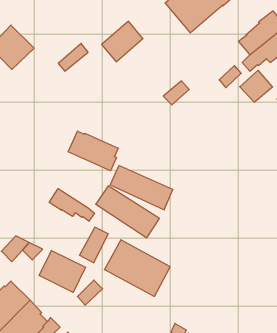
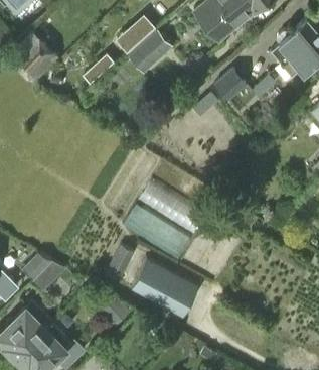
building: none -> [117,18,156,55]
building: [240,70,273,102] -> [213,70,248,103]
building: [68,131,118,171] -> none
building: [49,189,95,221] -> none
building: [39,250,85,292] -> none

